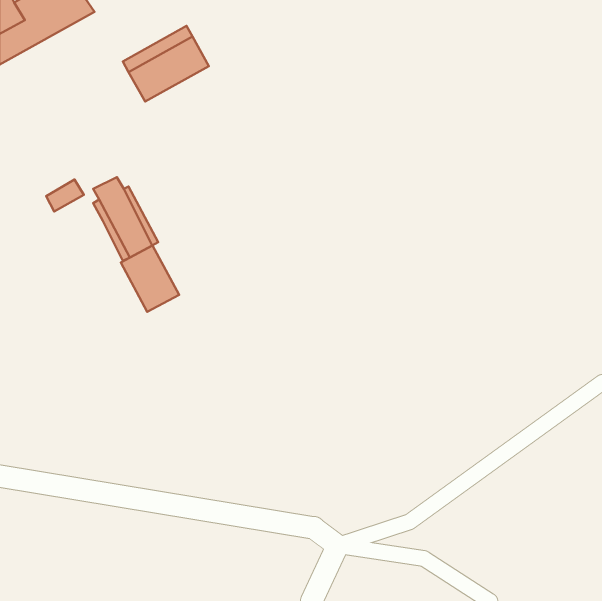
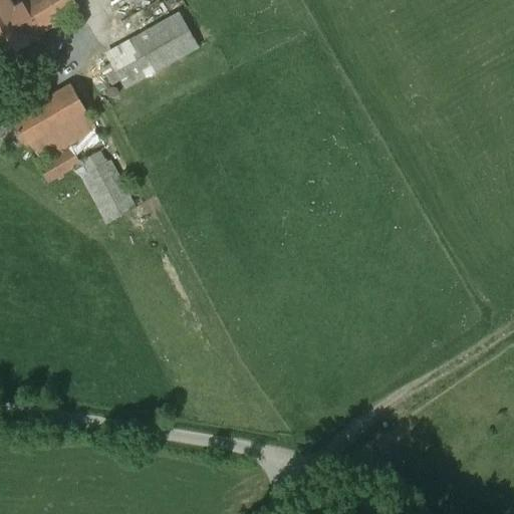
building: none -> [159,10,198,56]
building: none -> [11,83,96,162]
building: [121,245,179,312] -> none

